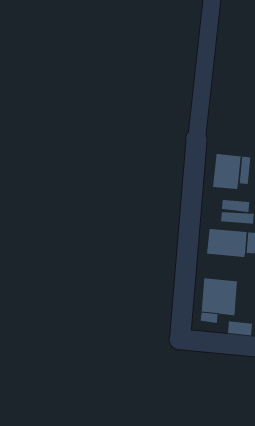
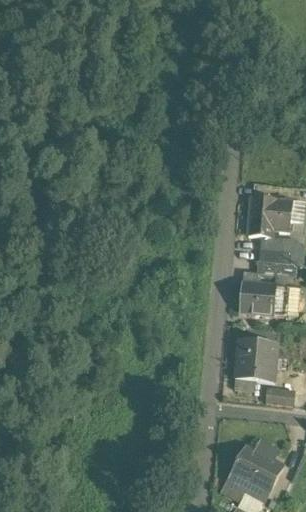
building: none -> [221,444,284,501]

